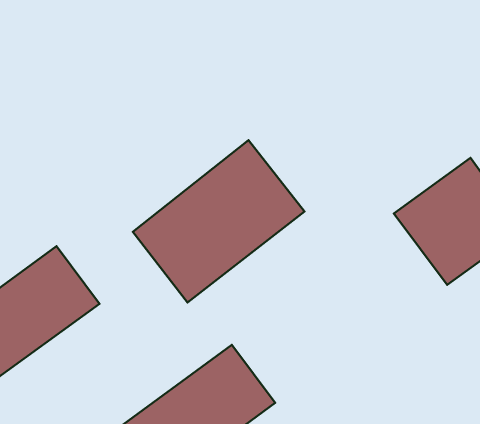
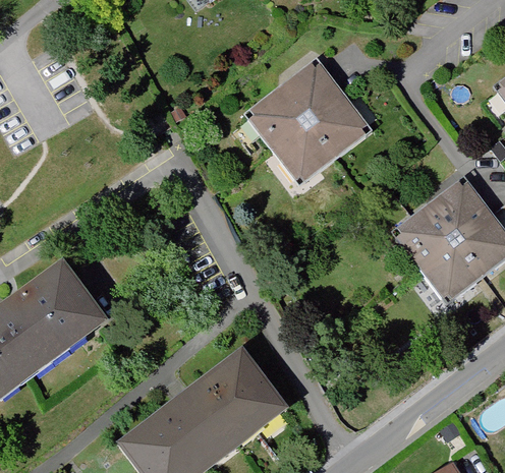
building: none -> [246,56,373,182]
building: [133,140,305,303] -> none

